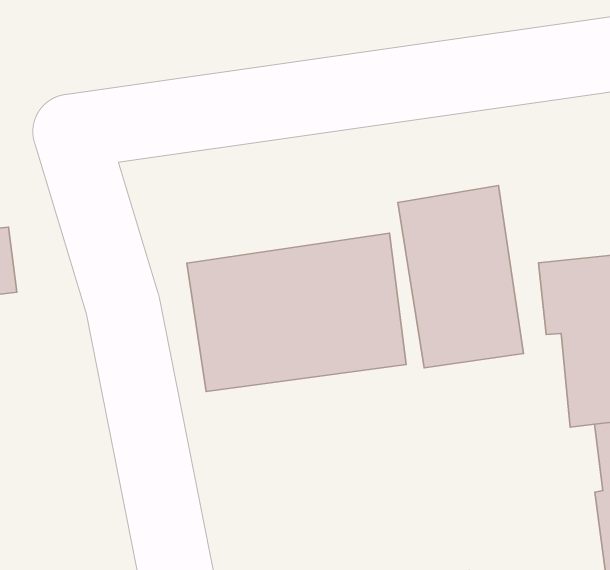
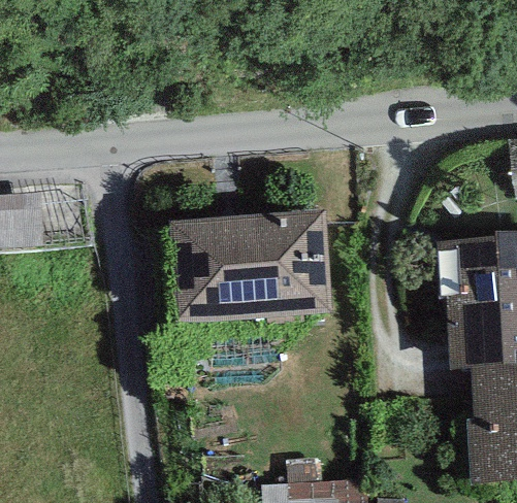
building: [398,186,523,368] -> none

